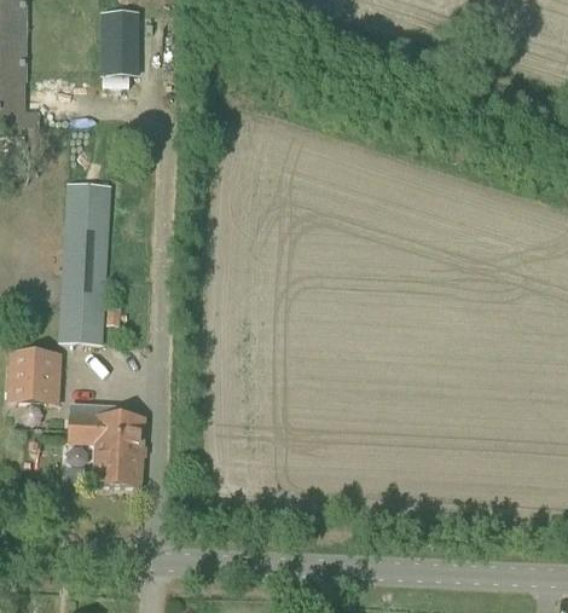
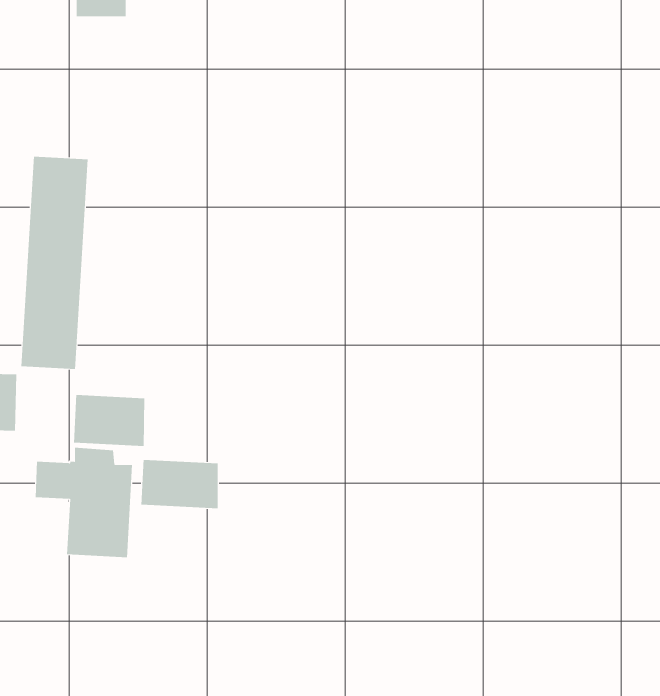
building: none -> [73,394,145,447]
building: none -> [141,459,218,509]

